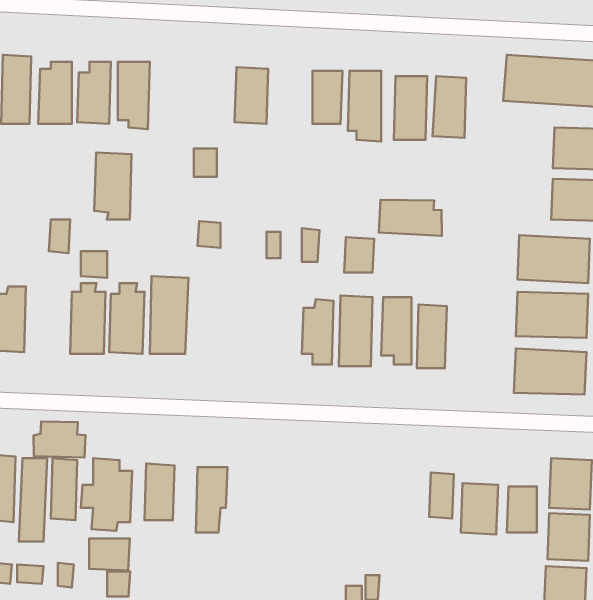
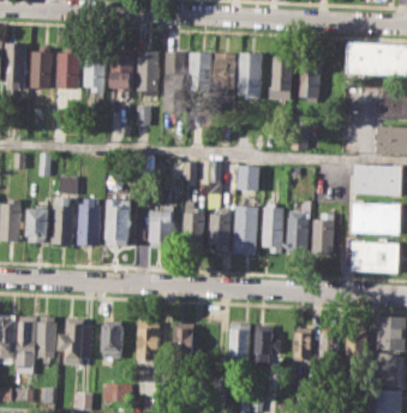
building: none -> [137,49,156,91]
building: none -> [187,52,210,89]
building: [94,152,131,220] -> [107,48,132,94]
building: [379,200,442,236] -> none
building: none -> [184,202,204,245]
building: none -> [149,205,172,246]
building: none -> [25,209,47,243]
building: none -> [311,211,334,253]
building: [33,422,86,458] -> none
building: none -> [172,323,192,361]
building: none -> [228,324,249,365]
building: none -> [253,325,277,365]
building: [89,539,130,570] -> [101,382,128,403]

